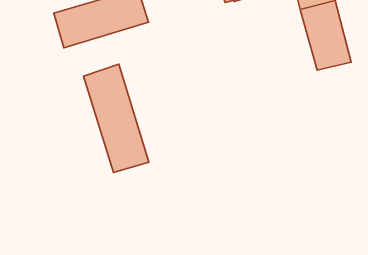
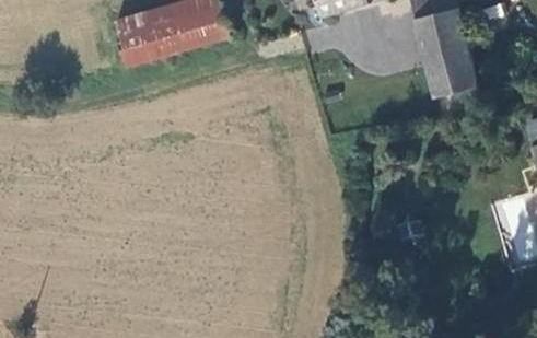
building: [83,64,149,173] -> none

